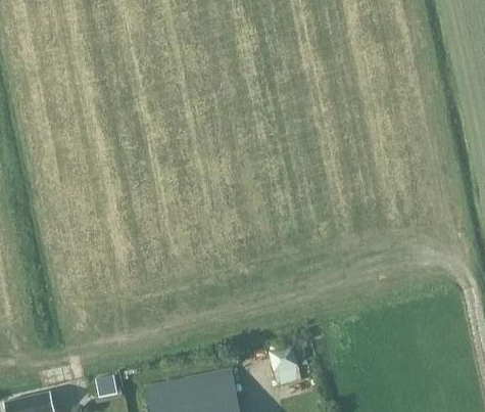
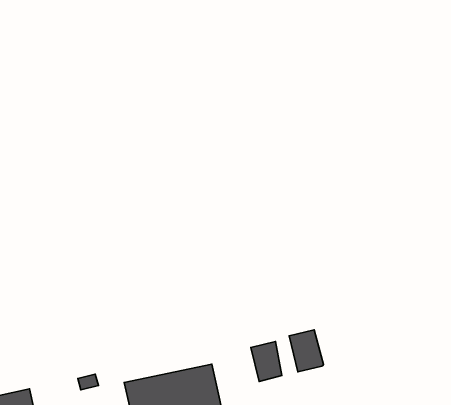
building: none -> [289,330,323,372]

